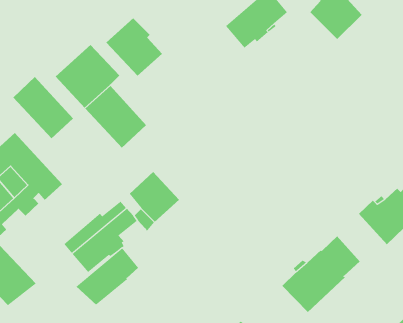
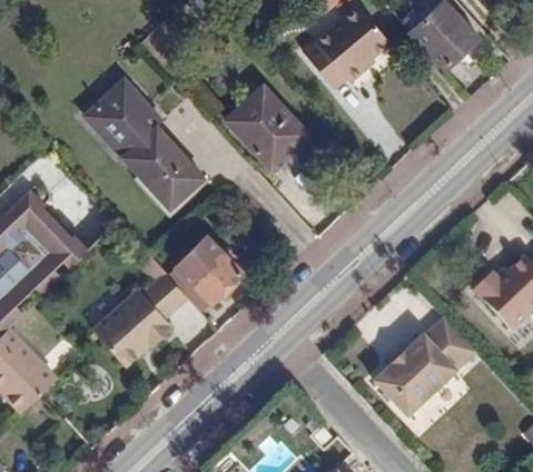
building: [105,17,163,77] -> [225,89,298,165]
building: [13,76,74,139] -> none
building: [75,248,139,306] -> none

